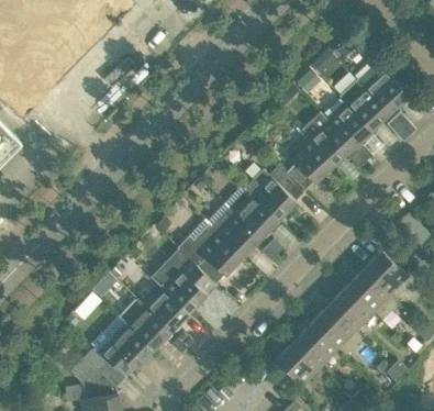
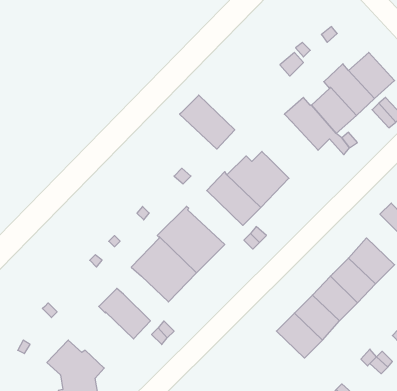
building: [288,136,335,191] -> none
building: [208,203,261,256] -> [180,95,235,149]
building: [145,287,189,331] -> none
building: [102,316,155,377] -> none
building: [277,341,322,386] -> none

